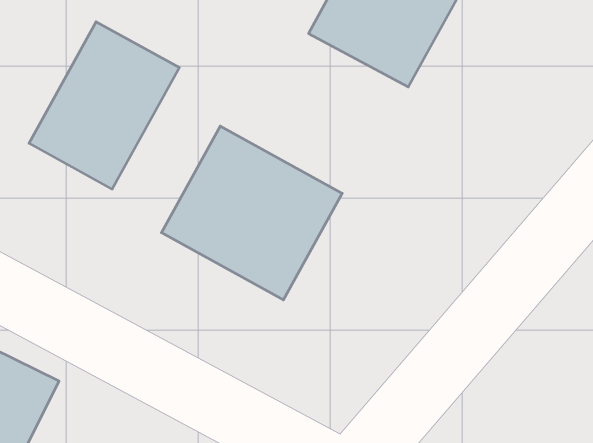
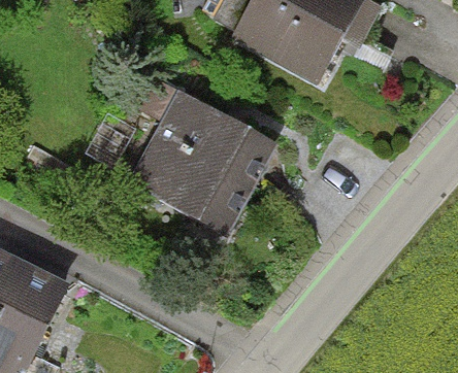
building: [29,22,179,189] -> none

